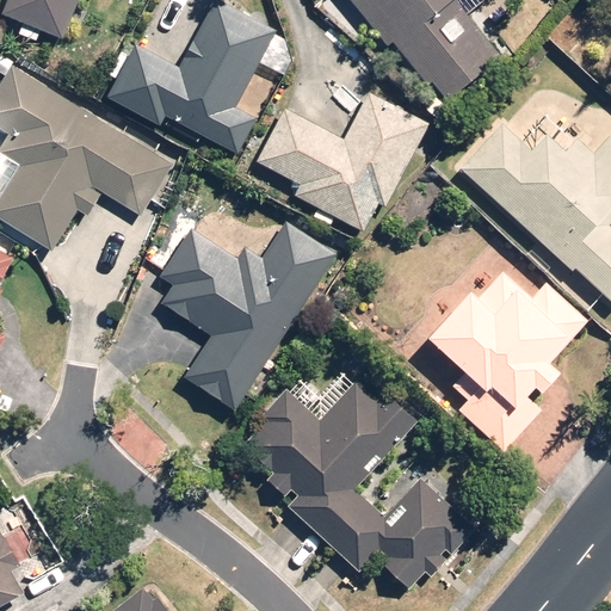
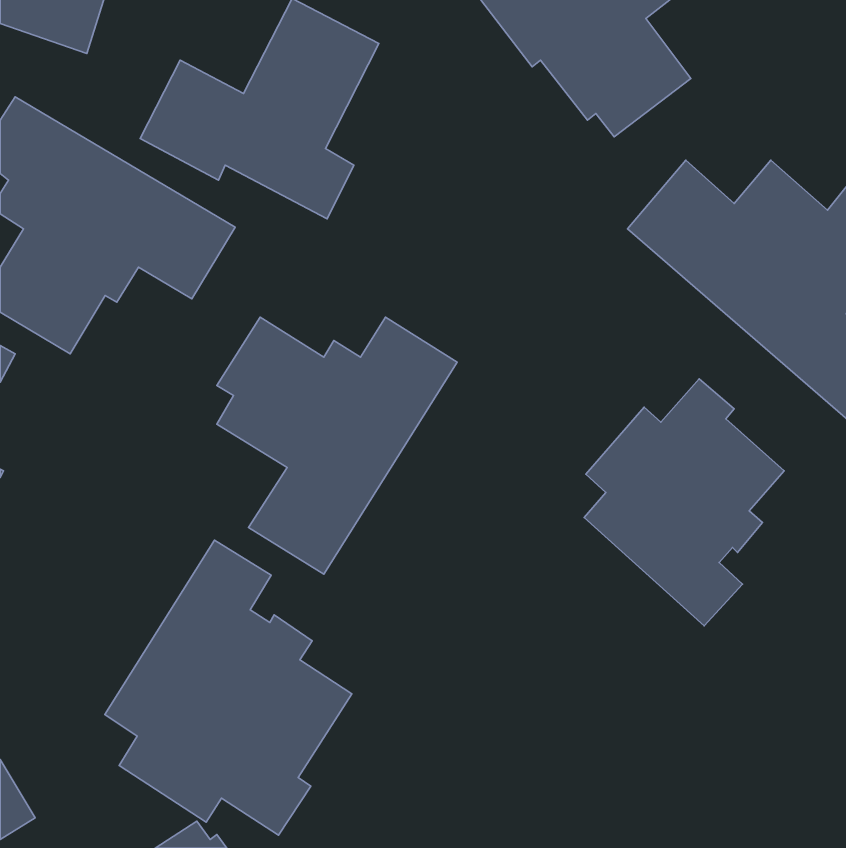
building: [249,90,432,236] -> none
building: [241,378,479,590] -> none
building: none -> [105,540,352,835]

